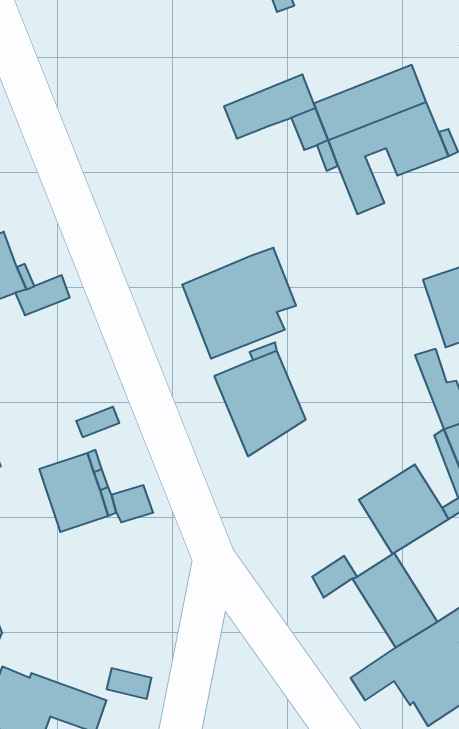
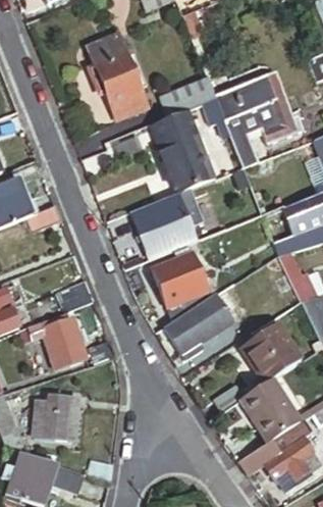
building: none -> [87,34,144,114]
building: none -> [150,109,215,192]
building: none -> [167,293,233,359]
building: none -> [33,393,74,439]

